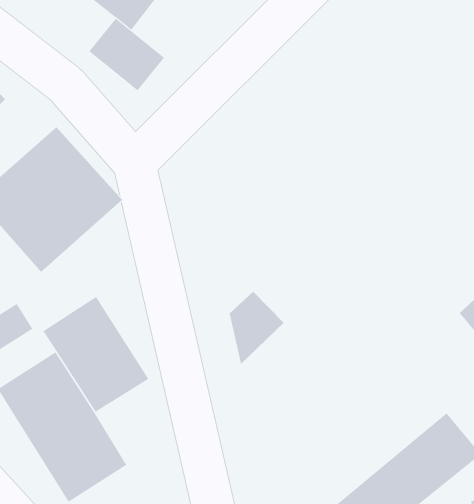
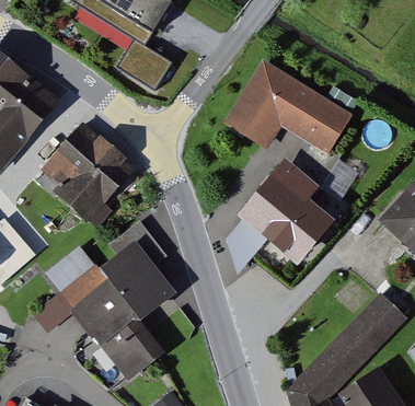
building: none -> [223,58,353,155]
building: none -> [243,162,341,267]

